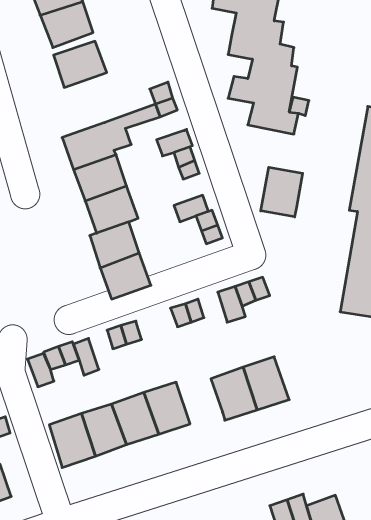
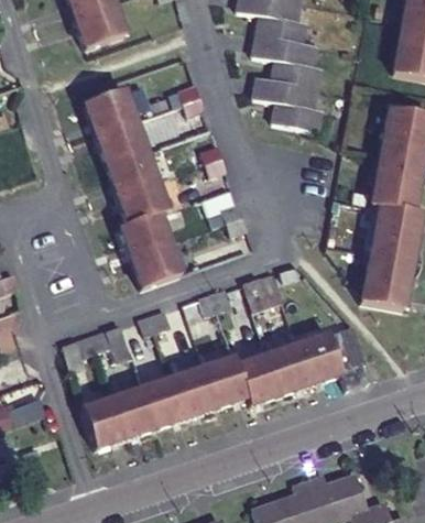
building: [54,41,107,87] -> [86,89,137,133]
building: [261,167,303,217] -> none
building: none -> [298,333,344,383]
building: none -> [205,356,249,406]

